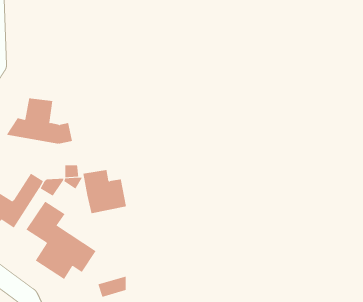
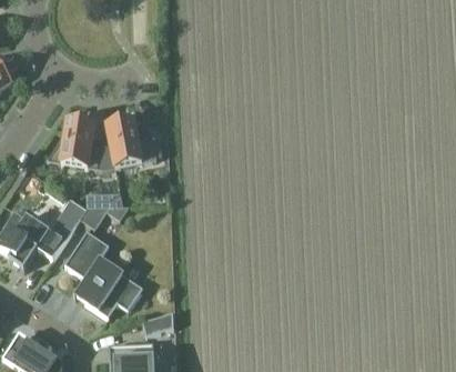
building: [82,170,127,214] -> [107,118,154,165]

